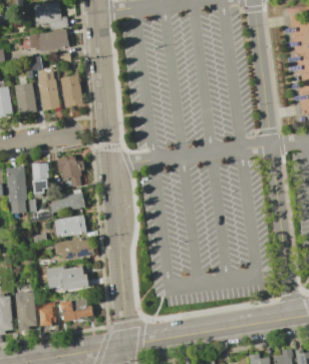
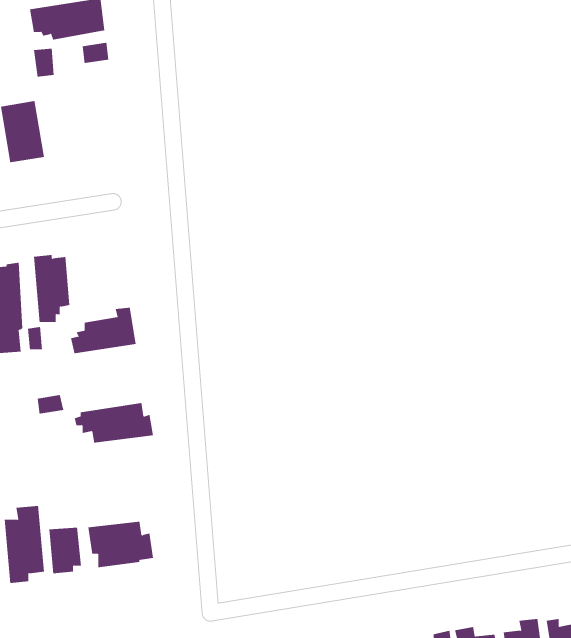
building: [38,71,60,110] -> none
building: [60,75,82,107] -> none
building: [57,156,84,187] -> none
building: [54,216,86,237] -> none
building: [46,266,89,290] -> none

